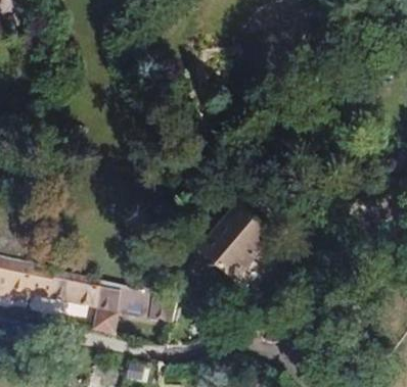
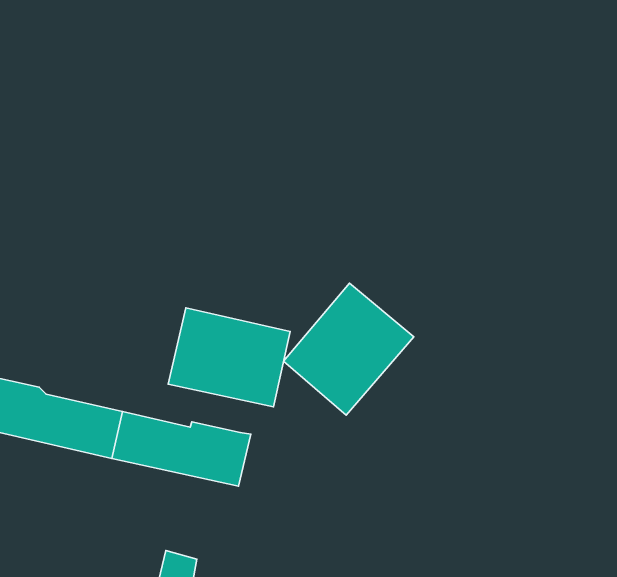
building: none -> [168,308,290,407]

